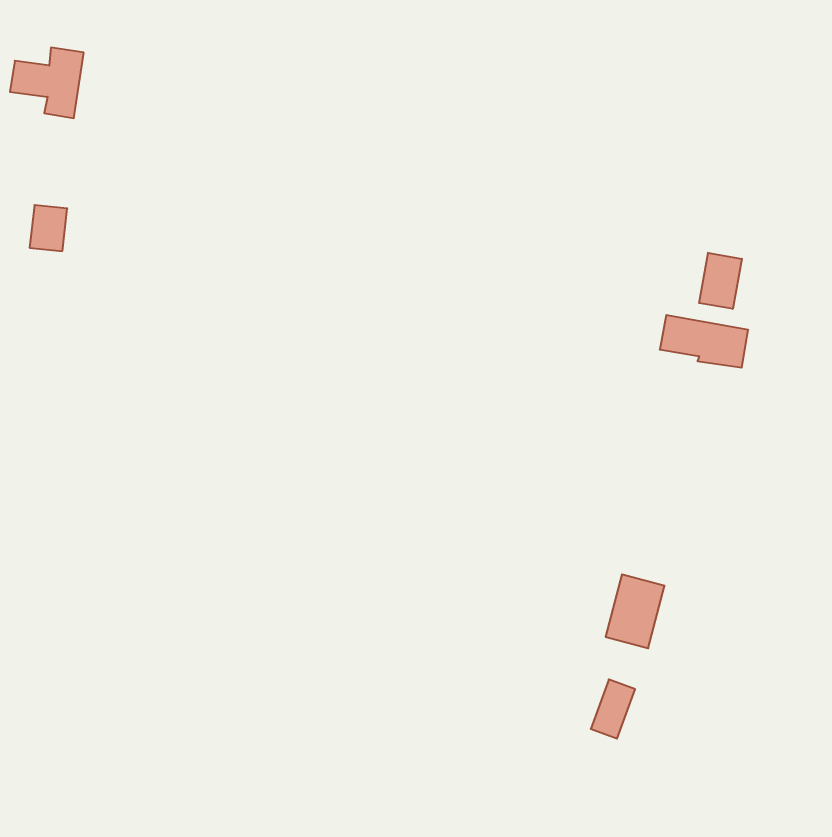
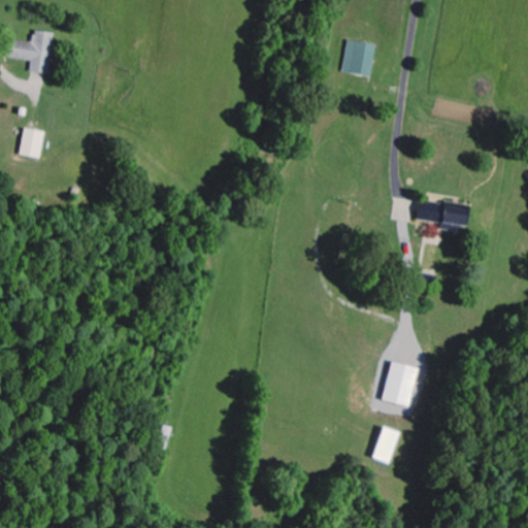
building: none -> [342,40,373,75]
building: [699,253,742,309] -> none

